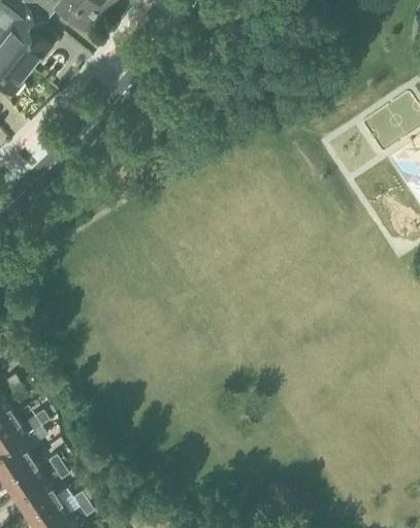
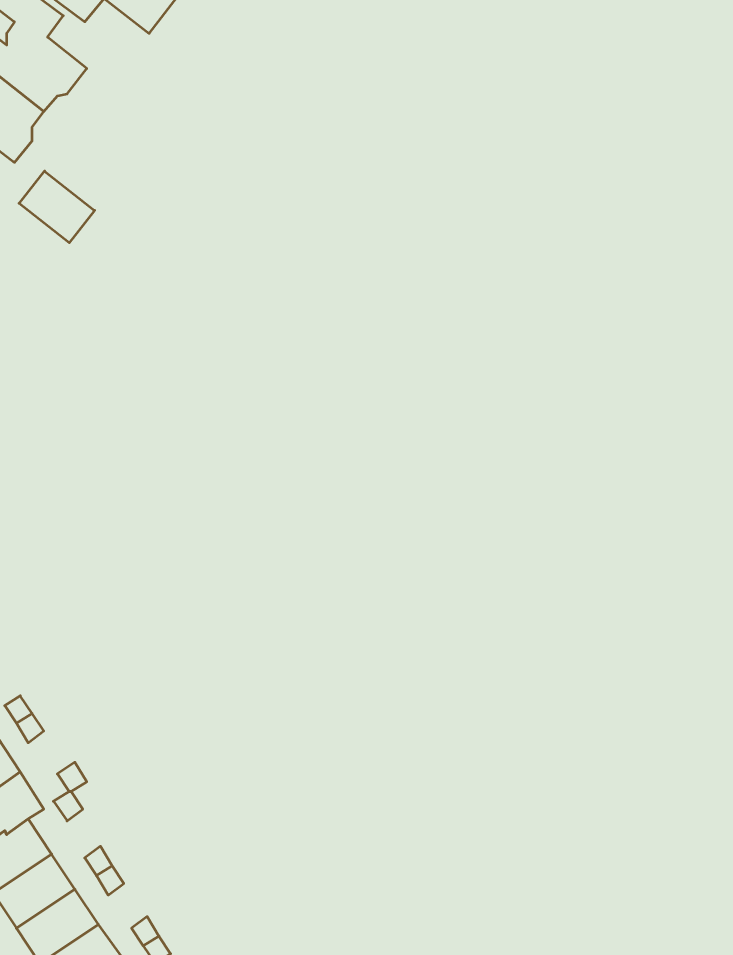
building: none -> [19,171,95,243]

